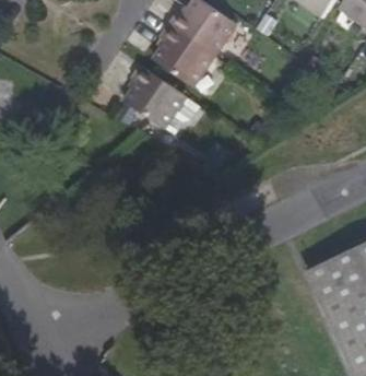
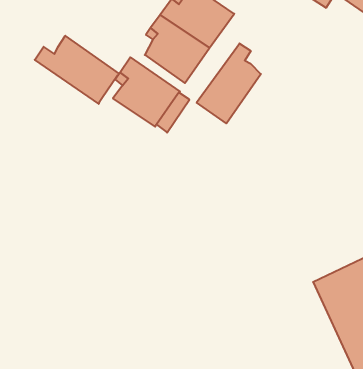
building: none -> [35,36,119,104]
building: none -> [197,43,261,123]

